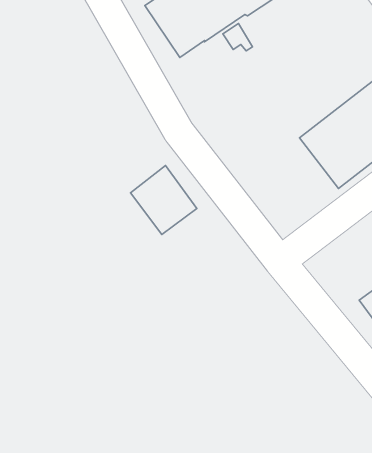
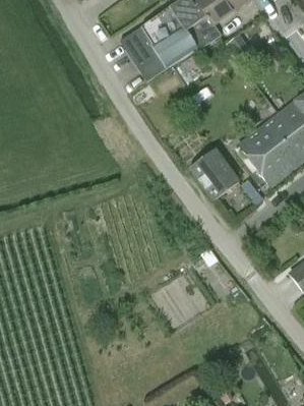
building: [131,166,197,234] -> [189,147,241,200]

